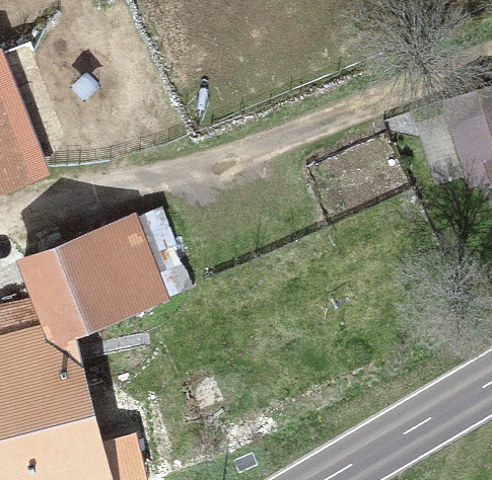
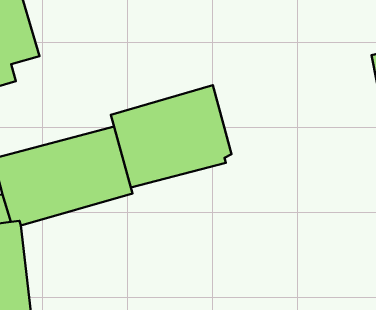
building: none -> [111,85,231,188]

